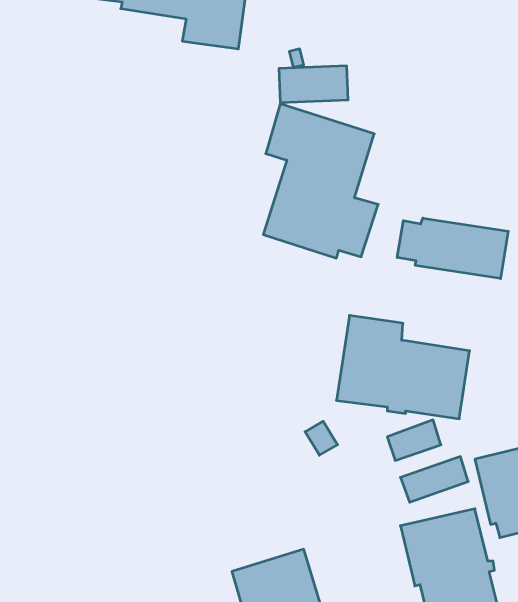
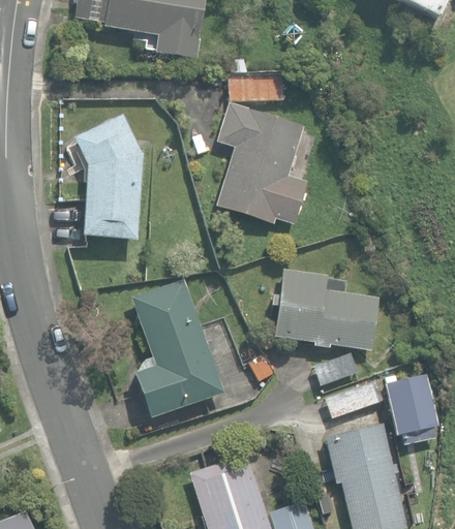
building: none -> [74,115,143,240]
building: [397,218,508,279] -> none
building: none -> [131,279,223,417]

